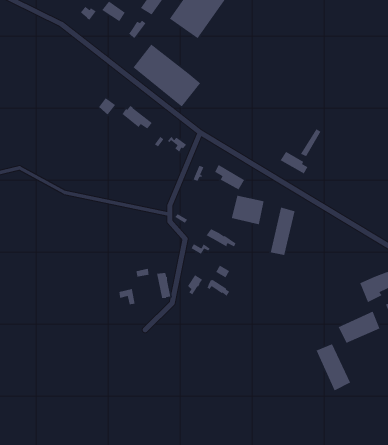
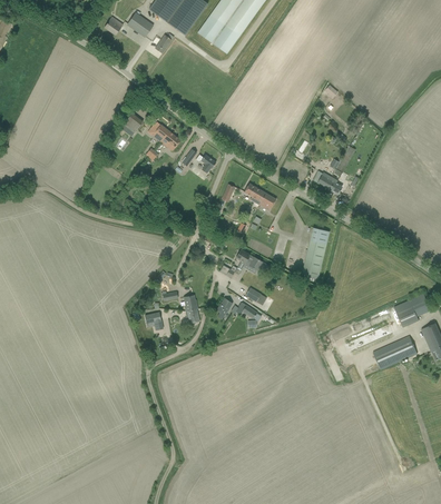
building: [132,44,201,107] -> none
building: [231,195,265,225] -> none
building: [315,343,351,392] -> none

